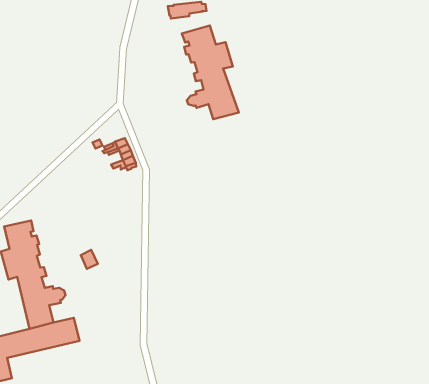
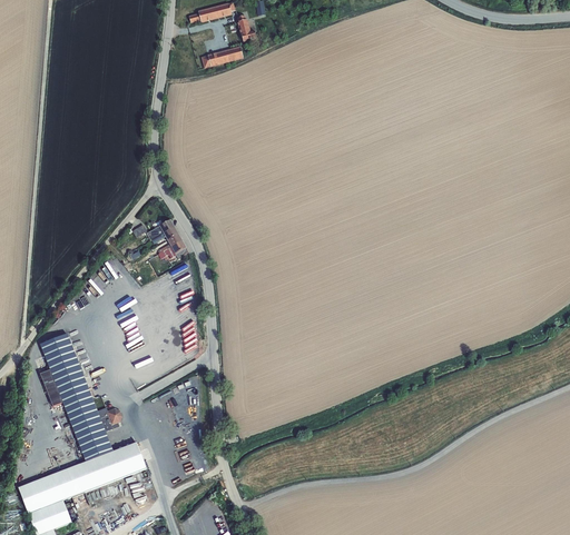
building: [182,25,239,119] -> none

